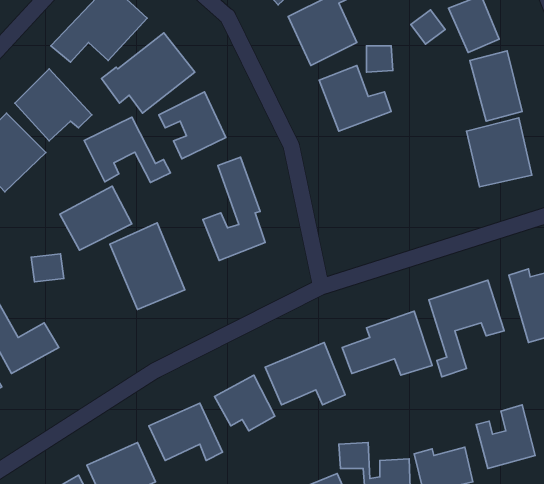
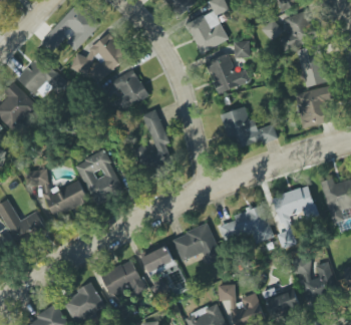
building: [84,117,170,182] -> none
building: none -> [221,106,277,150]
building: [60,186,132,250] -> [45,178,89,217]

